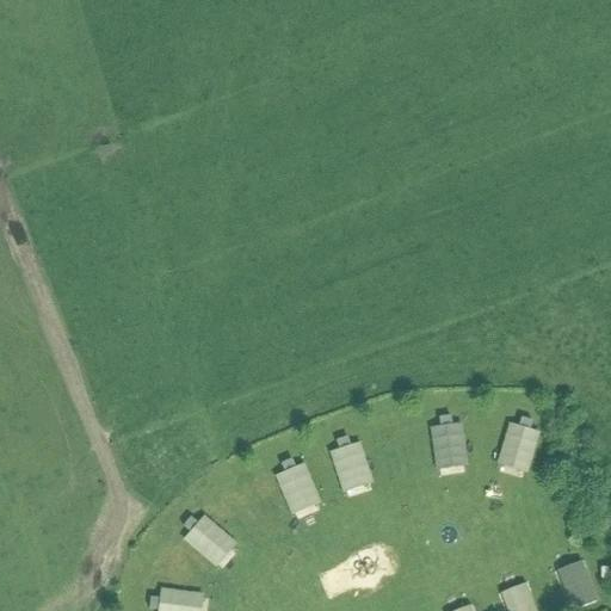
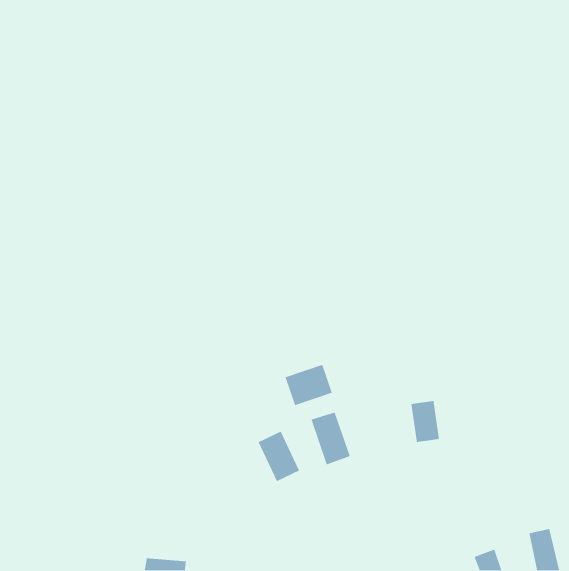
building: none -> [285,364,333,406]
building: [500,421,539,471] -> none
building: [180,508,235,561] -> none

